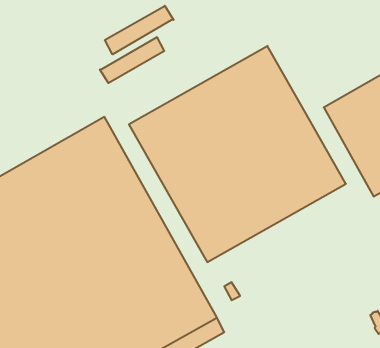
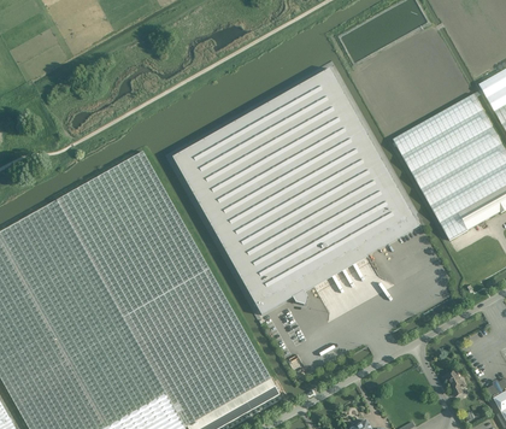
building: [105,6,174,54] -> none
building: [100,37,164,83] -> none

